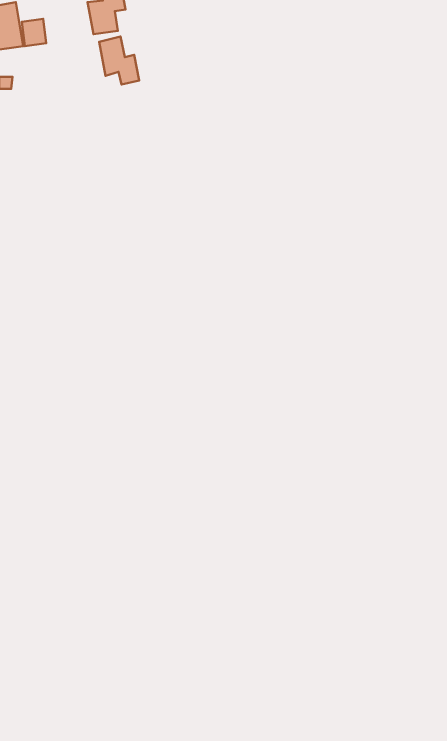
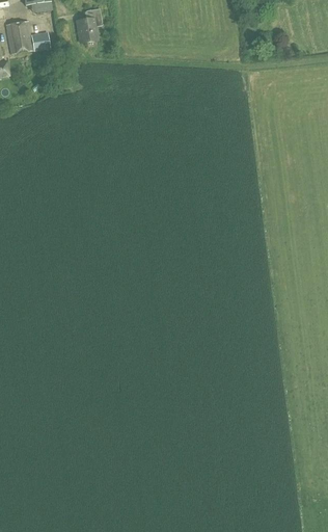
building: [99,36,139,84] -> none

